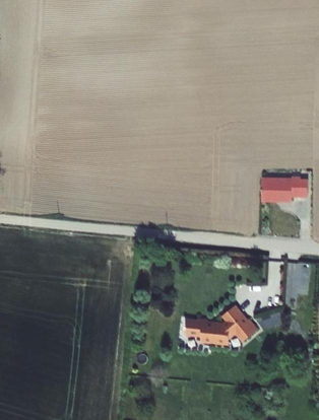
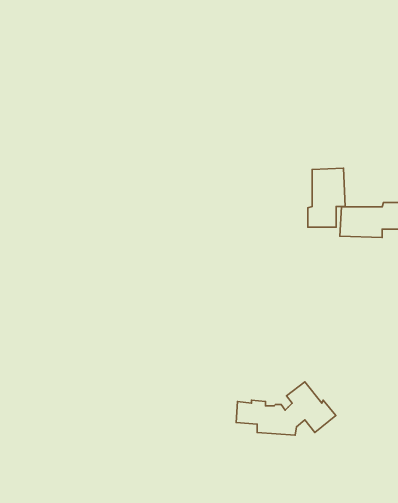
building: none -> [308,168,345,227]

